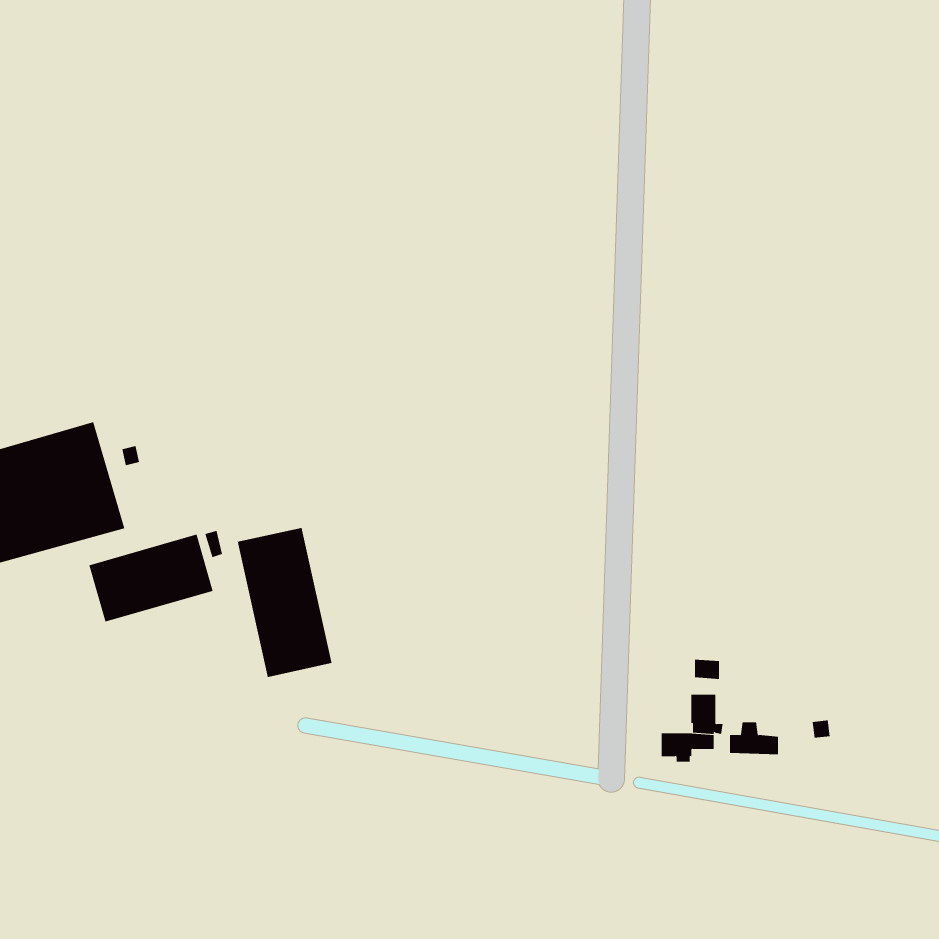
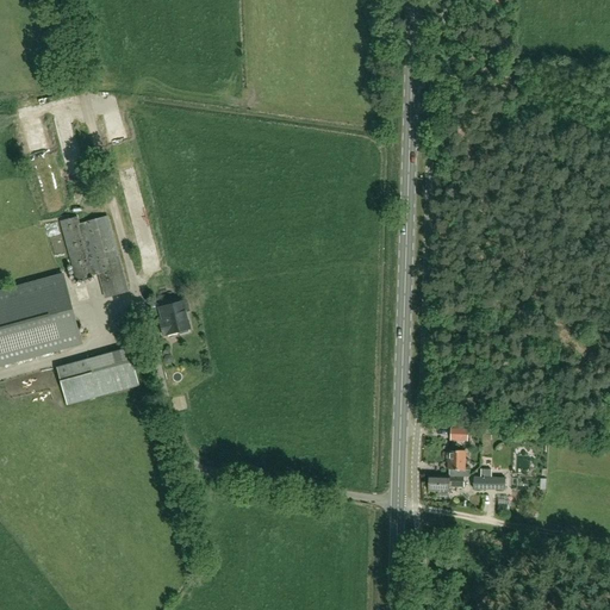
building: none -> [60,214,126,295]
building: none -> [157,299,188,334]
building: [237,527,332,678] -> none

